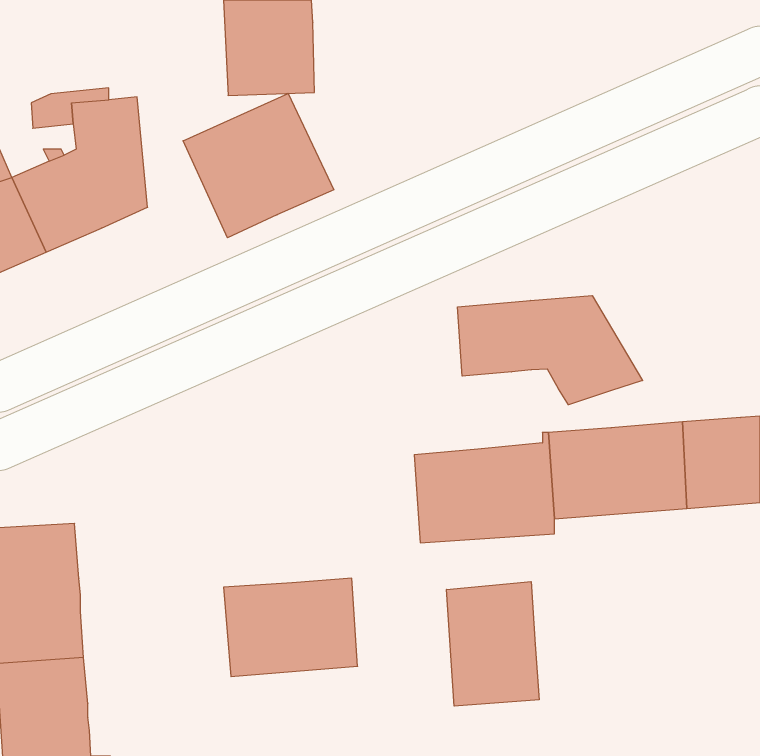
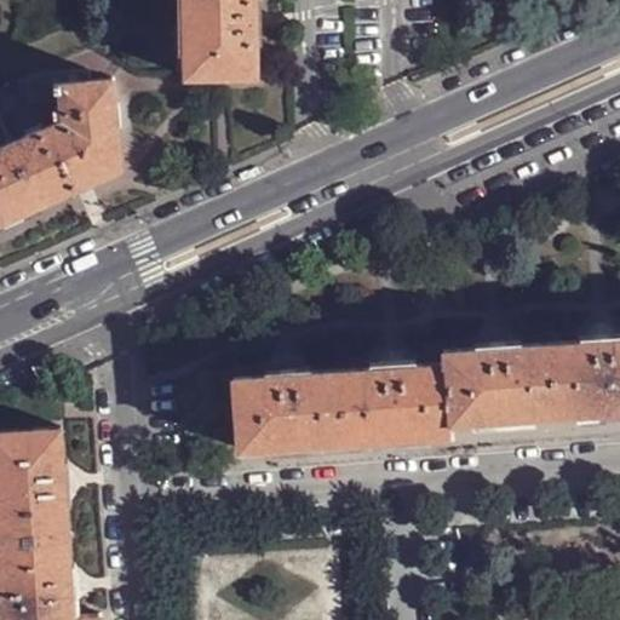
building: [183,93,334,238] -> none
building: [458,296,643,405] -> none
building: [224,578,358,677] -> [232,374,341,454]
building: [447,582,539,706] -> none

